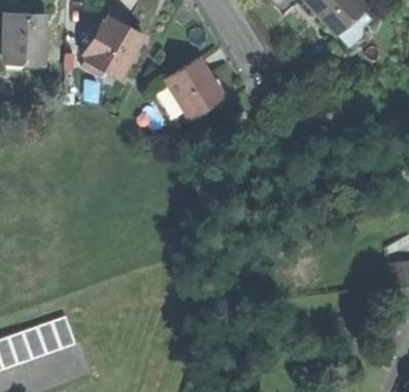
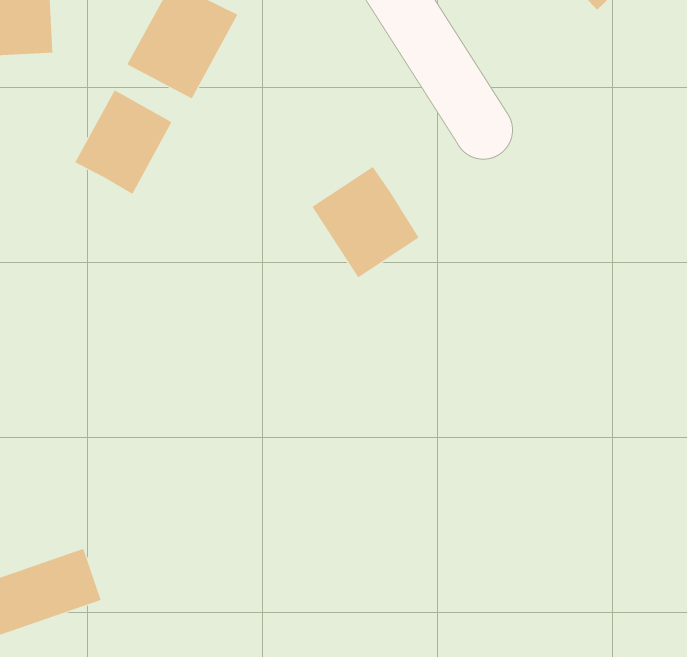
building: [164,56,221,115] -> [312,166,420,278]
building: none -> [75,90,172,195]

